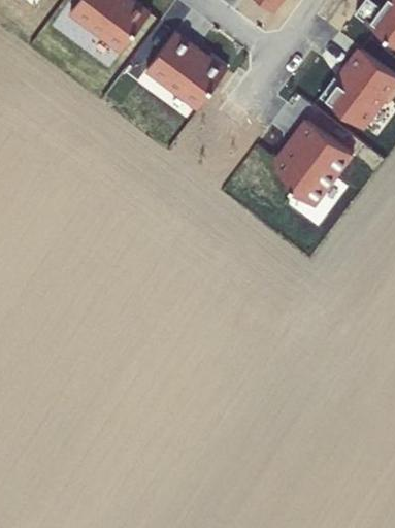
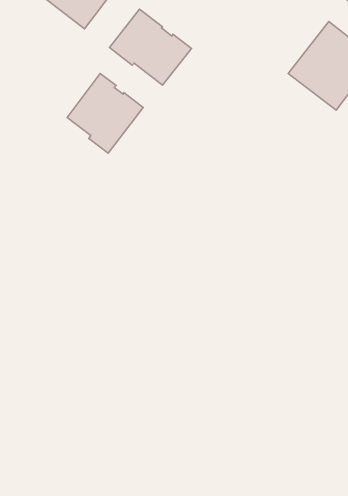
building: none -> [67,73,143,153]
building: [273,117,355,204] -> none

